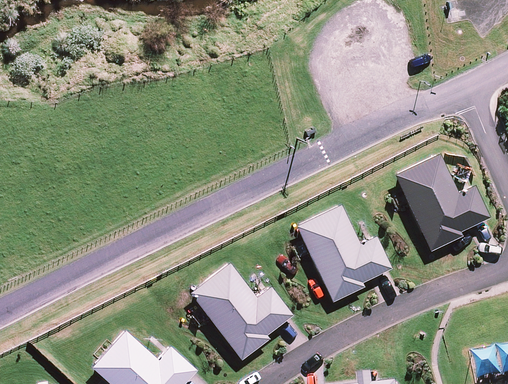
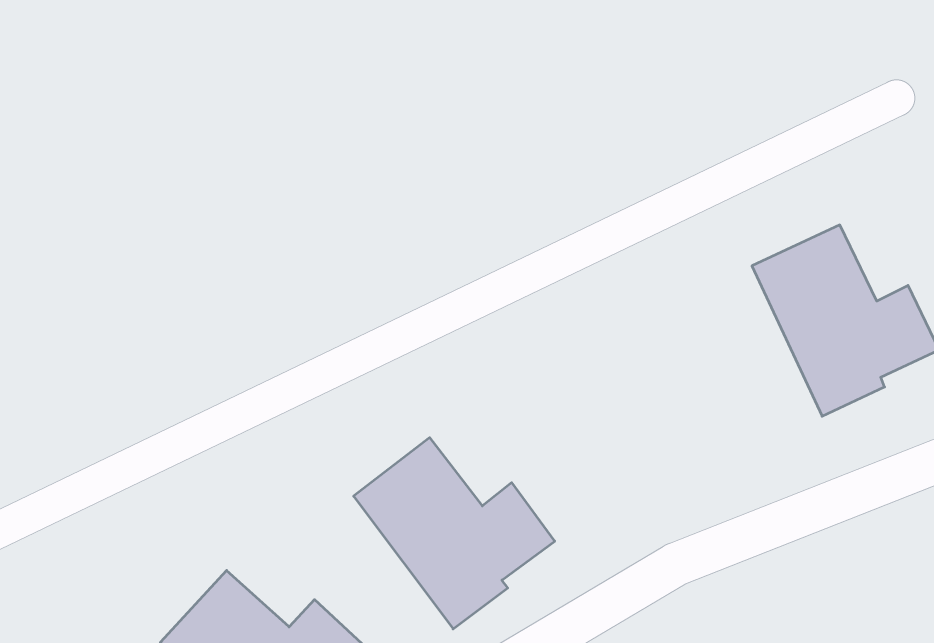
building: [296,205,393,303] -> none

